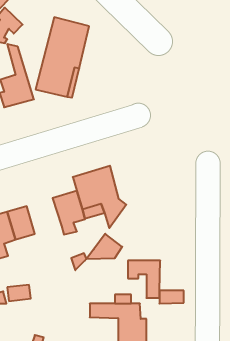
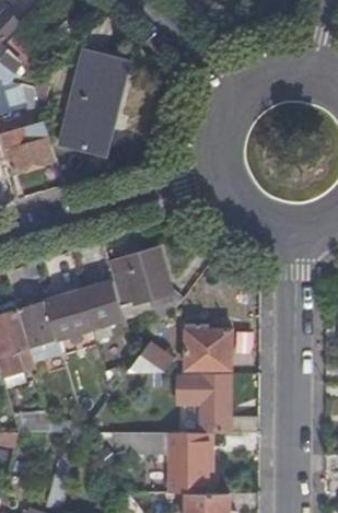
building: none -> [46,292,93,340]
building: none -> [187,329,232,370]

